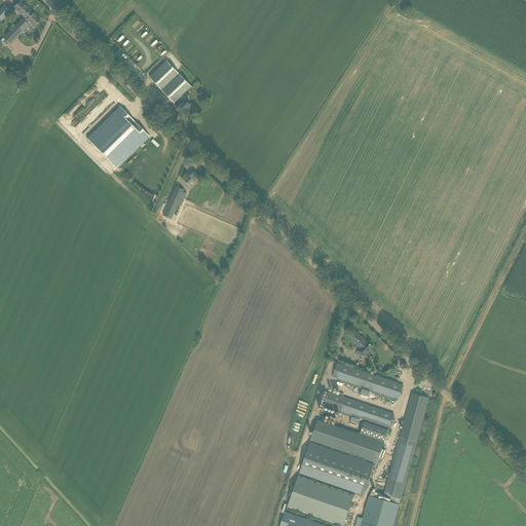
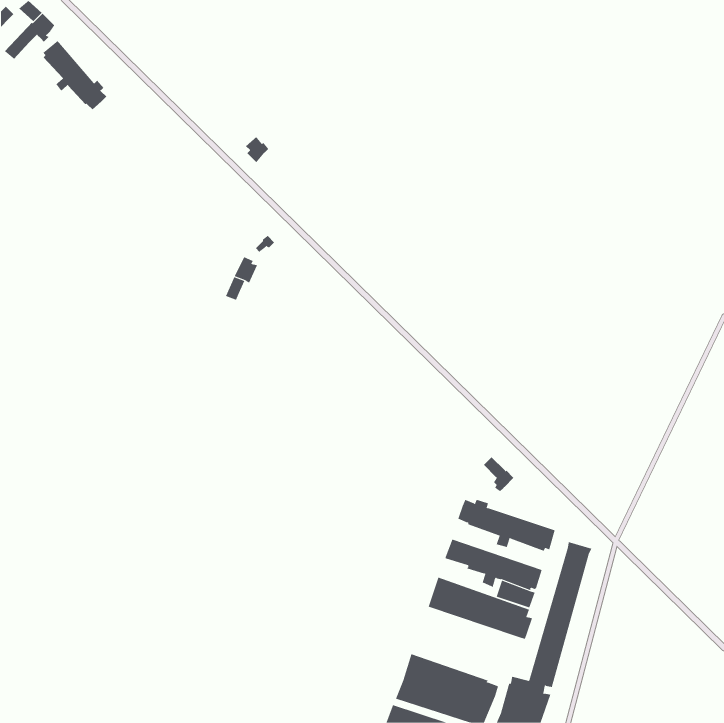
building: none -> [42,40,107,110]
building: [149,60,191,102] -> none
building: [86,106,149,167] -> none
building: [299,441,374,494] -> none

